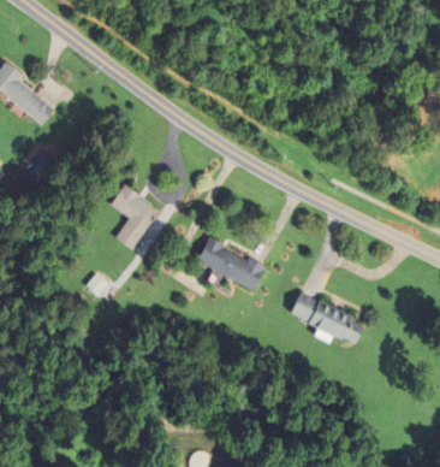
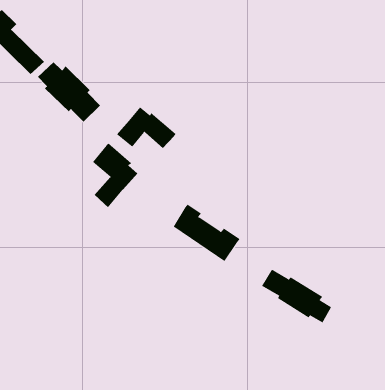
building: none -> [37,61,101,123]
building: none -> [116,107,176,149]

